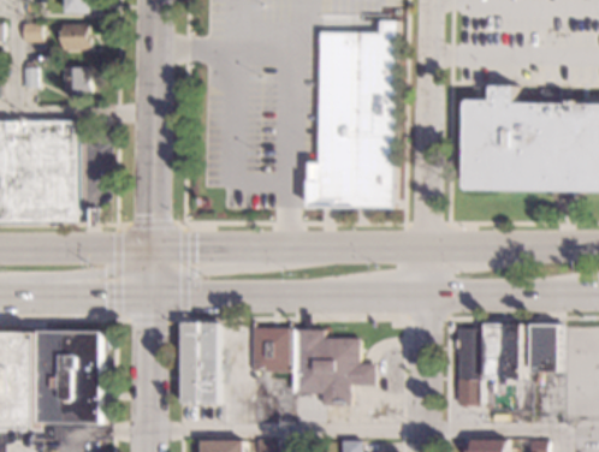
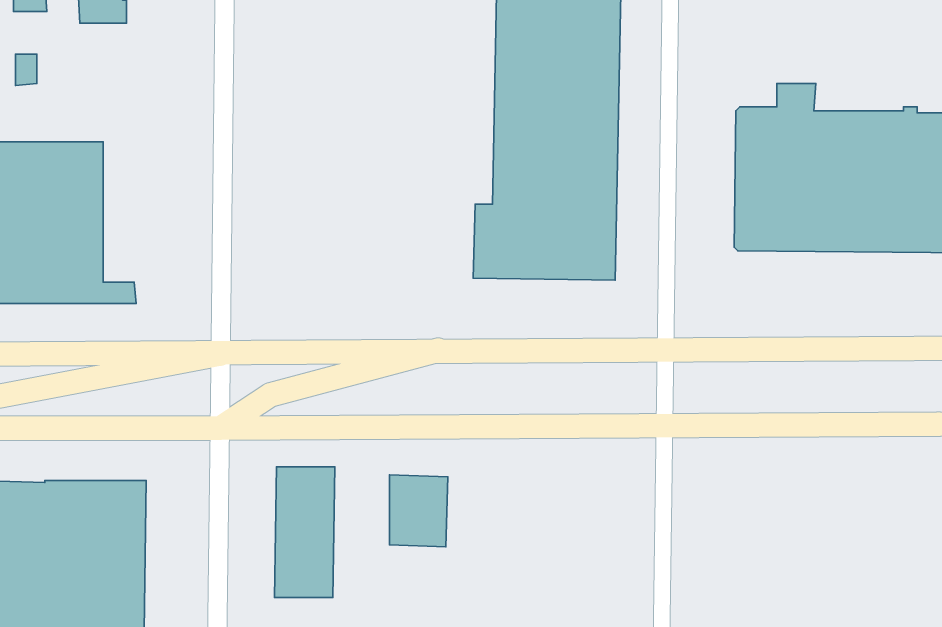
building: [63,67,89,91] -> none
building: [455,322,522,404] -> none
building: [530,325,559,370] -> none
building: [292,328,373,405] -> none

